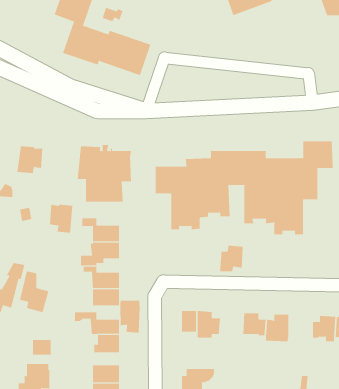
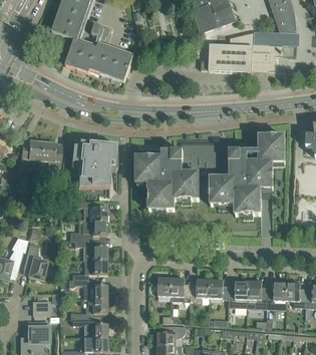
building: none -> [201,31,282,72]
building: [49,204,73,233] -> [42,142,62,166]
building: [220,245,244,272] -> [191,279,211,301]
building: [120,300,140,333] -> none
building: none -> [249,281,268,304]

